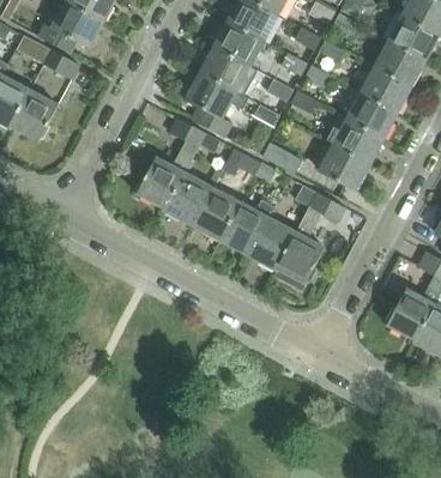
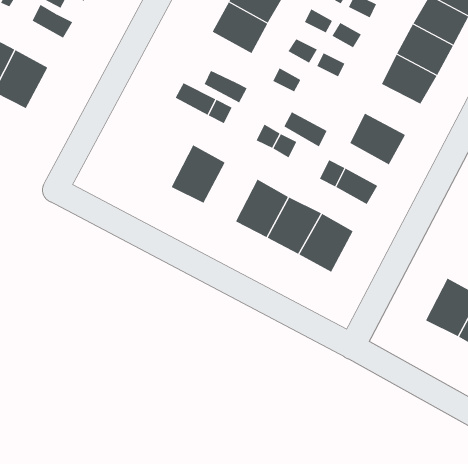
building: [186,73,235,117] -> none
building: [333,119,382,163] -> none
building: [135,157,183,208] -> none
building: [193,187,240,238] -> none

